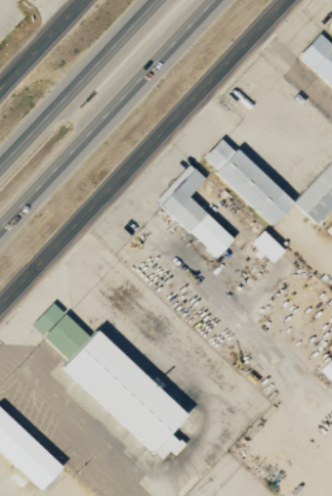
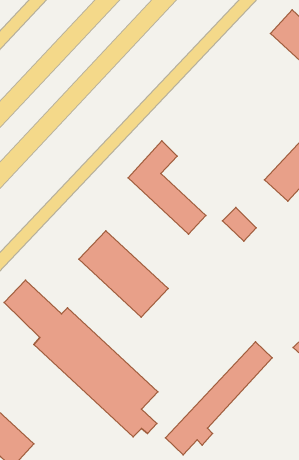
building: [204,137,294,224] -> none
building: none -> [79,231,168,317]
building: none -> [166,342,272,455]

